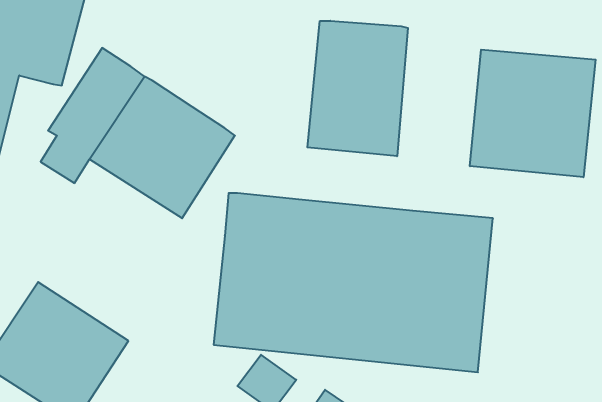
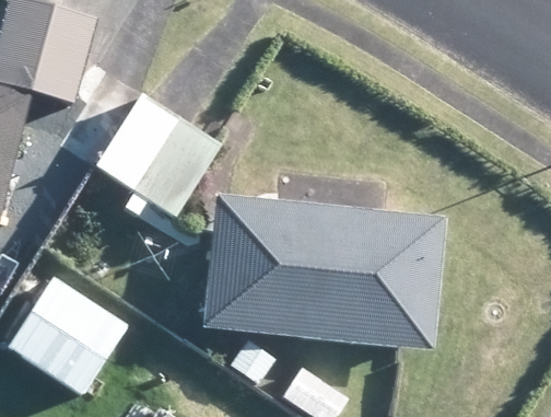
building: [307,21,408,156] -> none
building: [470,50,596,177] -> none

